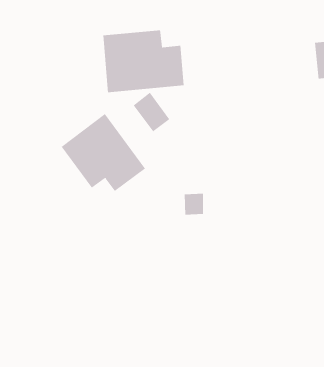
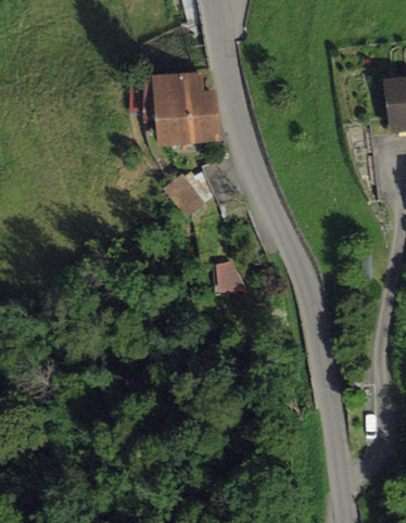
building: [61,113,146,192] -> none

